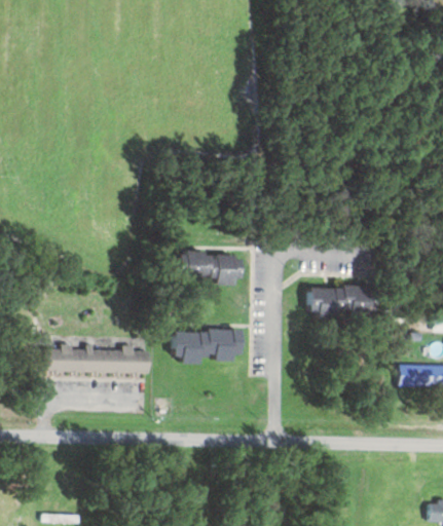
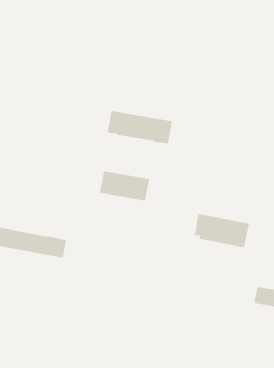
building: none -> [107,110,173,144]
building: [174,329,239,361] -> none

